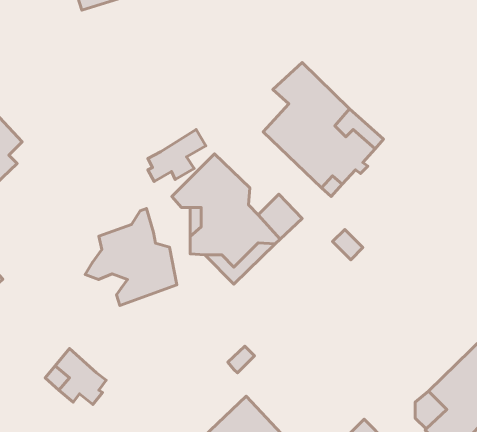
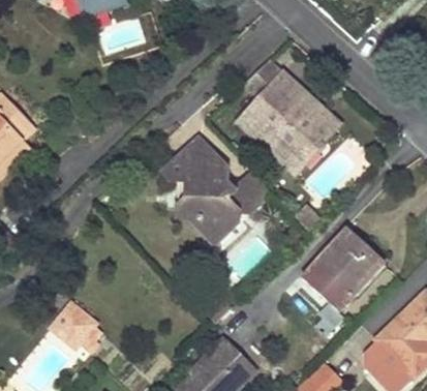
building: [148,129,206,181] -> none
building: [85,208,177,306] -> none
building: none -> [296,227,386,313]

